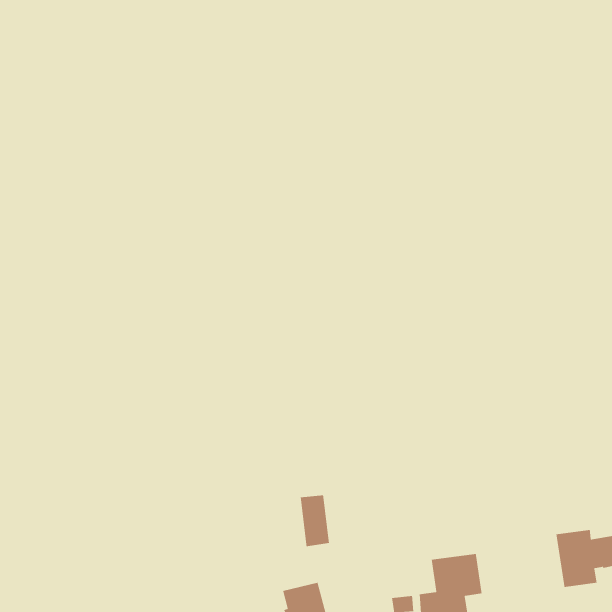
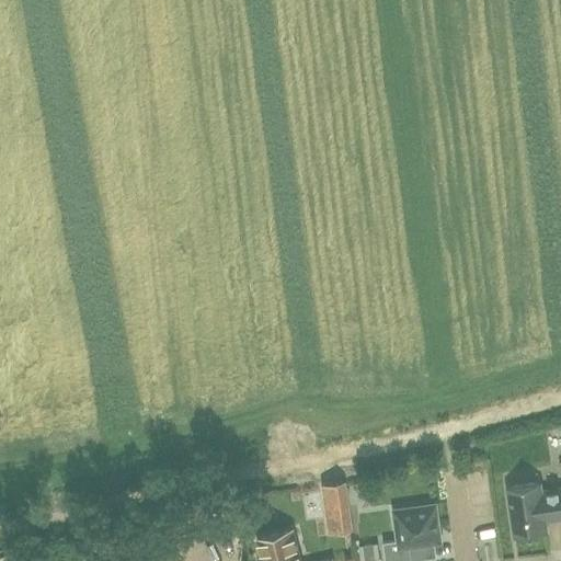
building: [300,494,330,547] -> [323,486,351,535]

